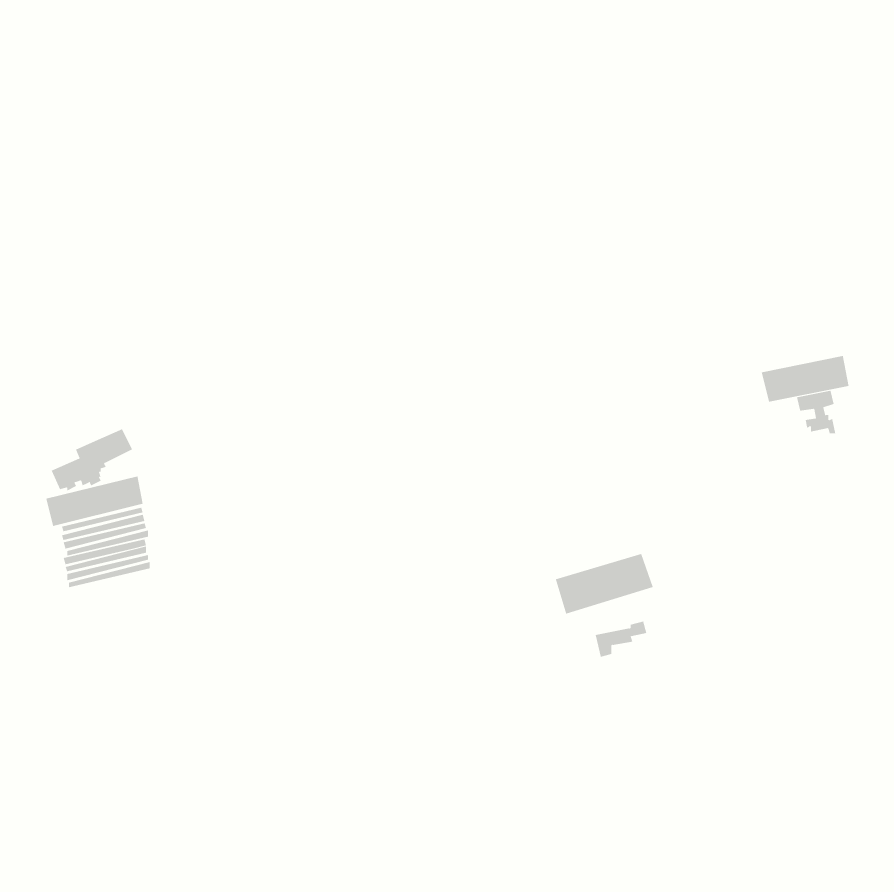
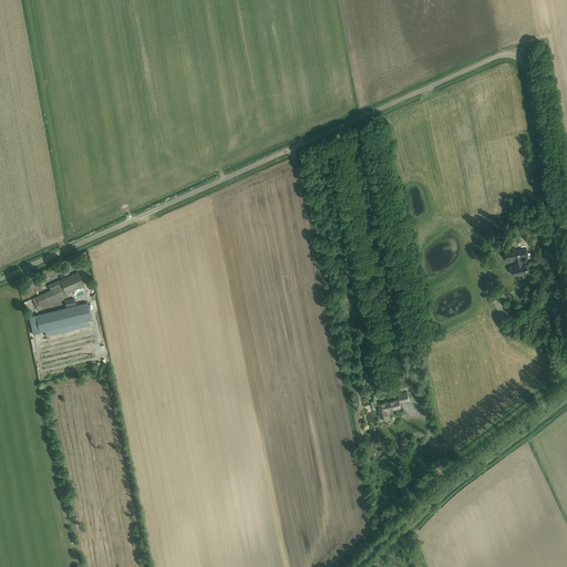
building: [761,355,849,402] -> none
building: [555,553,653,614] -> none

